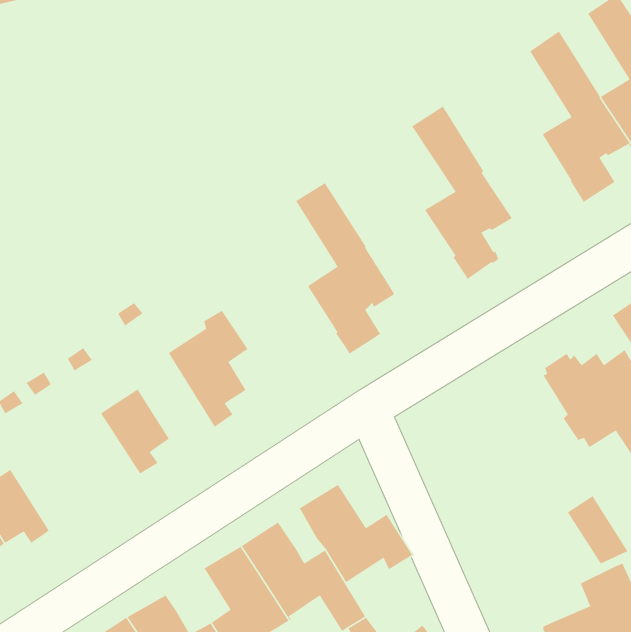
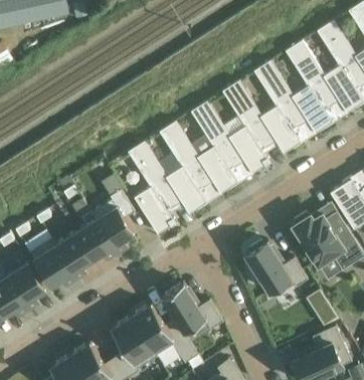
building: none -> [254,60,308,154]
building: none -> [191,101,245,194]
building: none -> [128,142,182,234]
building: none -> [75,213,117,259]
building: none -> [29,238,76,287]
building: none -> [246,241,308,298]
building: none -> [7,262,45,309]

